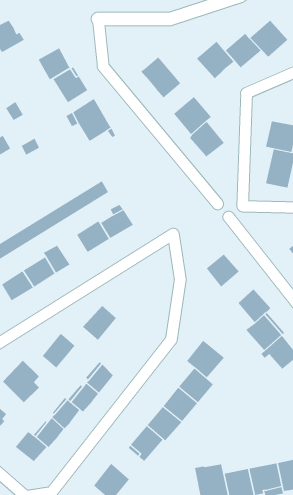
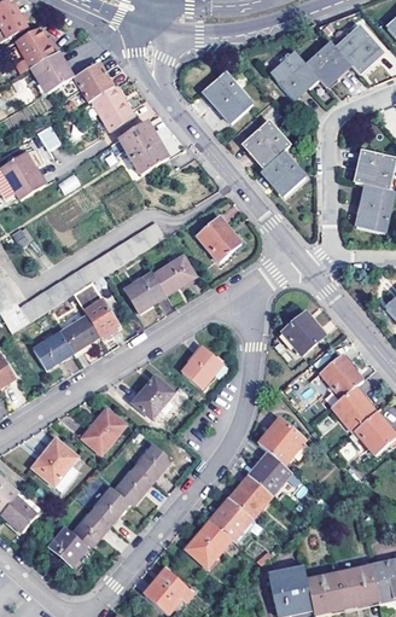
building: none -> [36,50,77,91]
building: none -> [197,217,239,261]
building: none -> [184,348,223,389]

